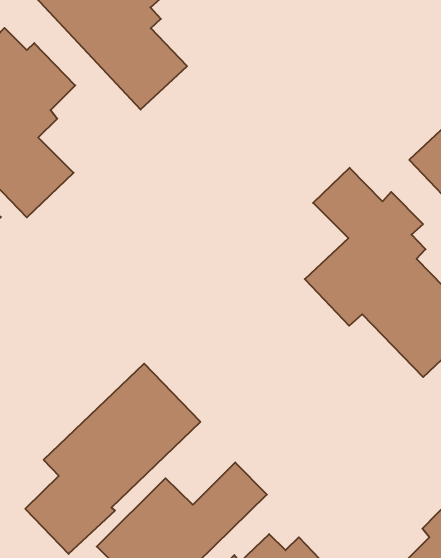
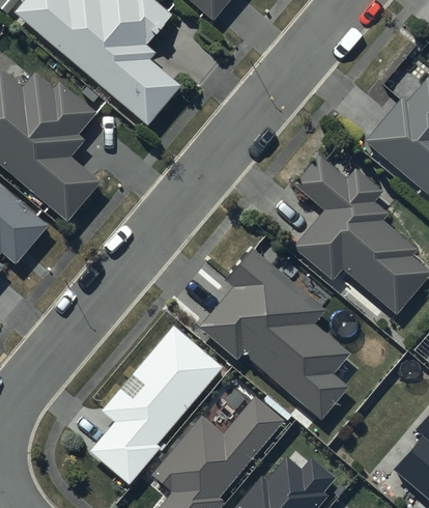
building: none -> [202,249,350,418]

